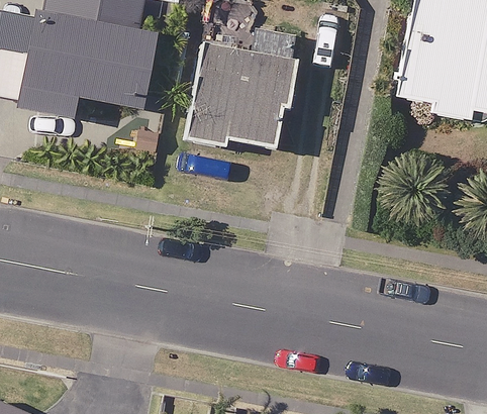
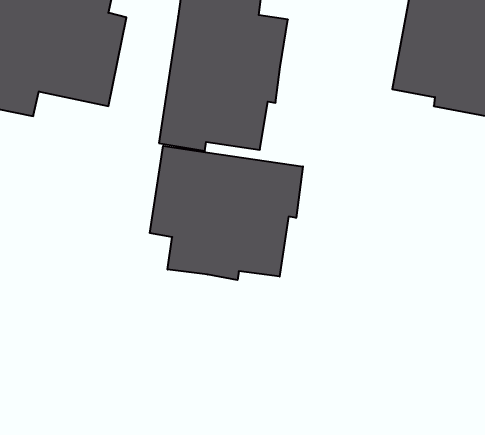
building: none -> [150,146,303,280]

